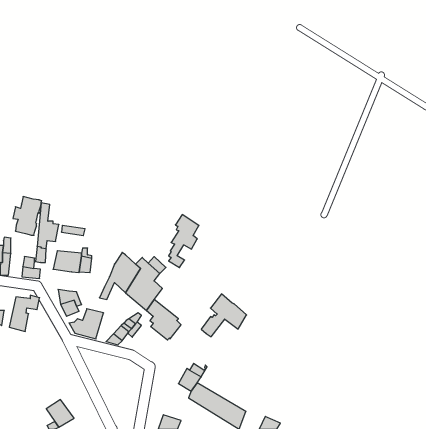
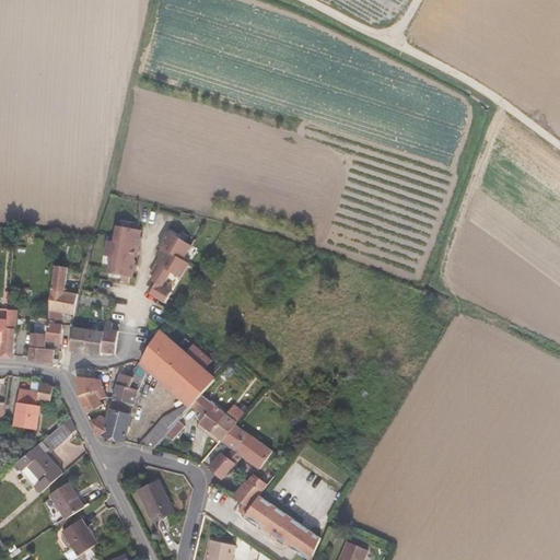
building: [13,197,42,235] -> [101,226,138,277]
building: [169,215,199,268] -> [150,228,189,296]
building: none -> [114,372,139,404]
building: [201,294,247,337] -> [209,422,268,478]
building: none -> [15,420,75,494]
building: none -> [48,483,83,520]
building: none -> [138,483,173,523]

